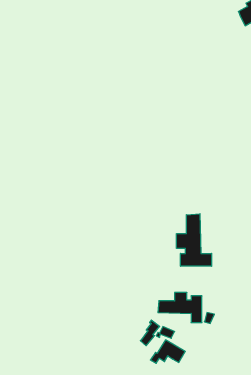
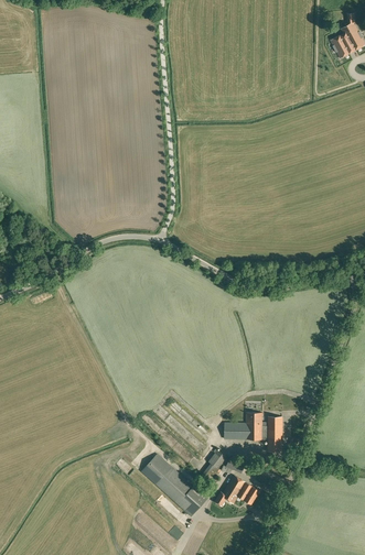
building: [177,214,212,266] -> none
building: none -> [141,454,207,515]

